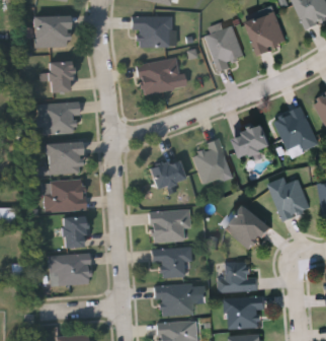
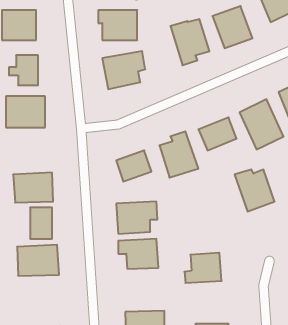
building: [38,143,81,175] -> none
building: [225,206,270,251] -> none
building: [156,285,192,316] -> none
building: [226,295,264,328] -> none

